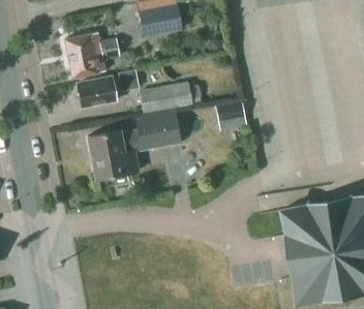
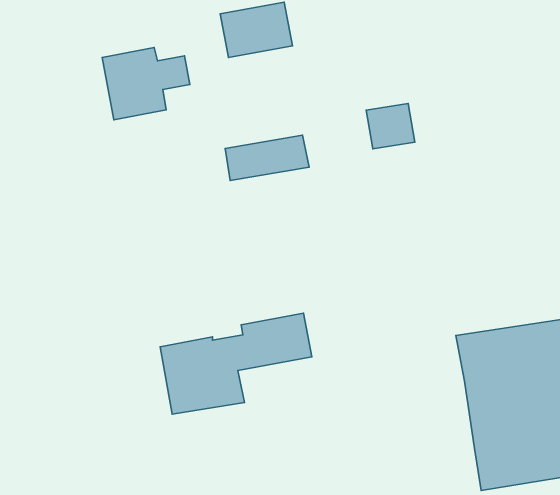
building: [78,69,138,105] -> none
building: [214,102,244,130] -> [366,103,415,149]
building: [86,117,179,179] -> [160,313,312,414]

